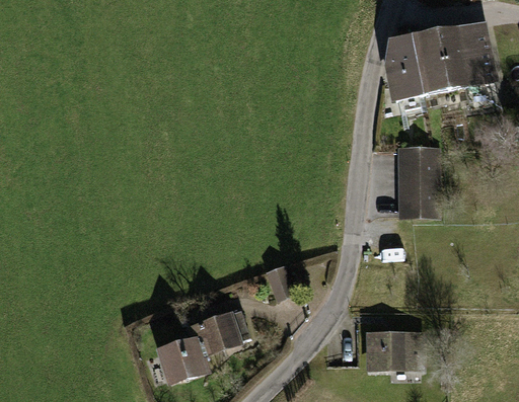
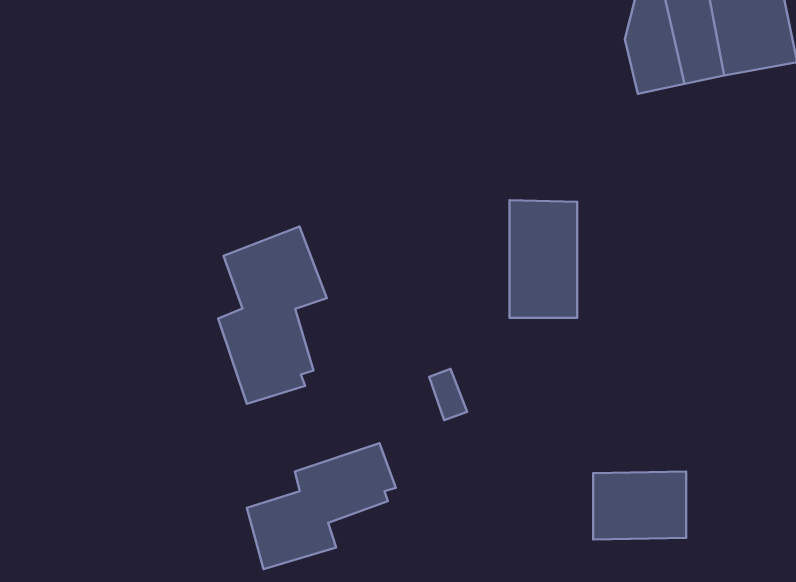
building: [398,144,440,216] -> [509,200,577,318]
building: none -> [218,227,327,404]

